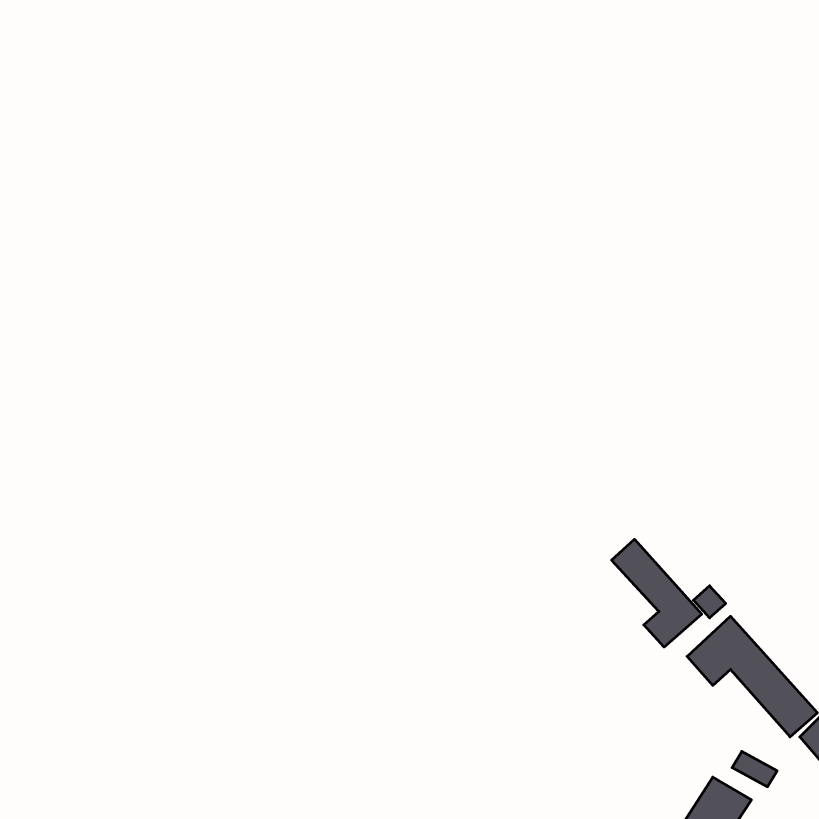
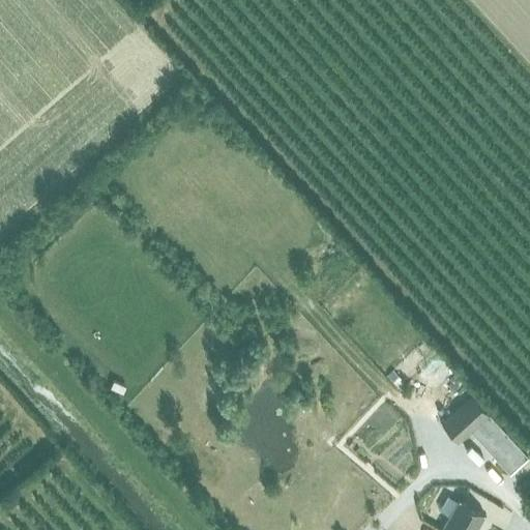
building: [612,539,702,647] -> none

